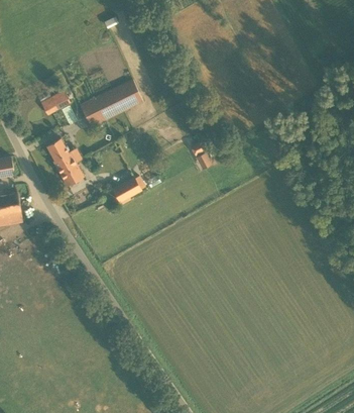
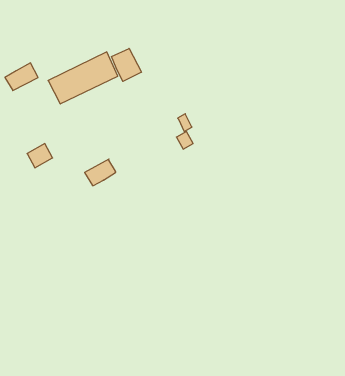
building: none -> [111,48,141,81]
building: [45,138,82,173] -> none

